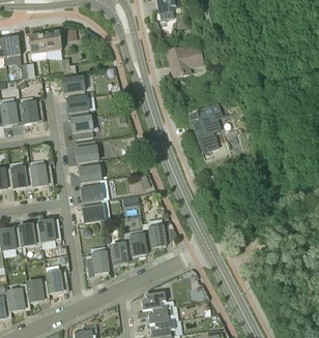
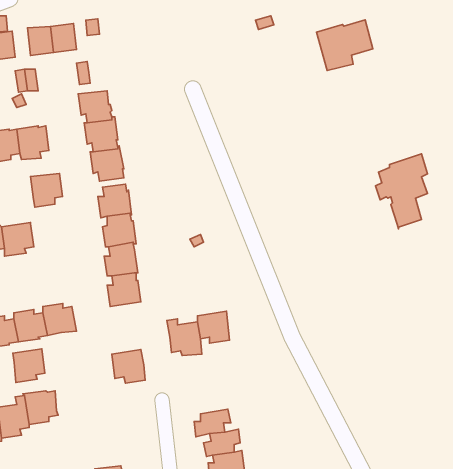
building: [166,42,204,76] -> [316,20,373,70]
building: [186,101,222,152] -> [376,154,428,229]
building: [30,164,52,187] -> [30,173,62,207]
building: [105,243,127,265] -> none
building: [46,270,67,293] -> [13,349,45,382]

